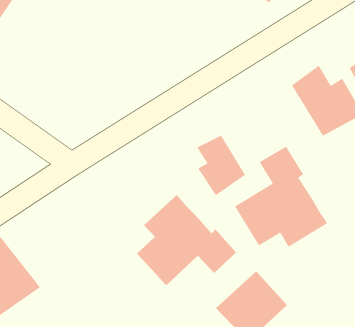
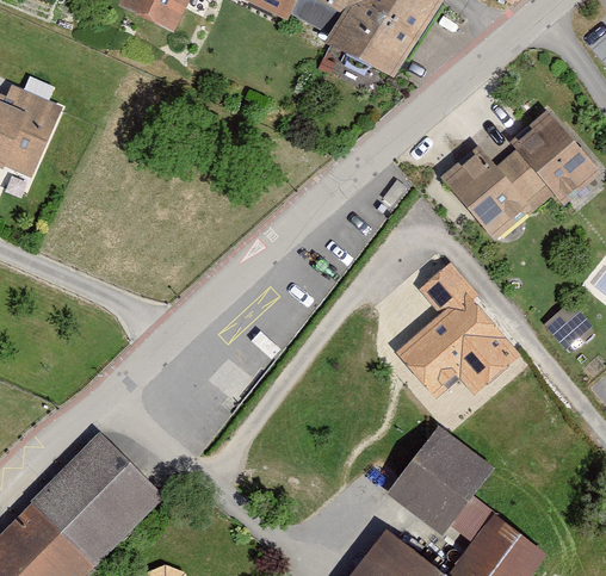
building: [197,135,246,196] -> none
building: [136,194,237,286] -> none

